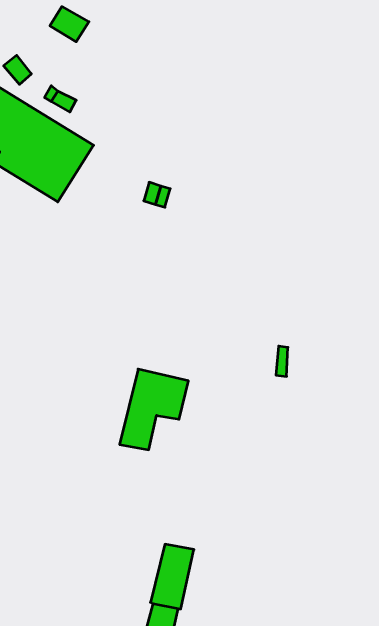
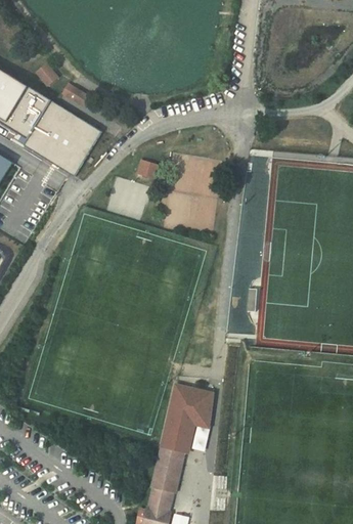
building: [50,7,89,42] -> none
building: [120,369,188,450] -> [161,384,214,446]

